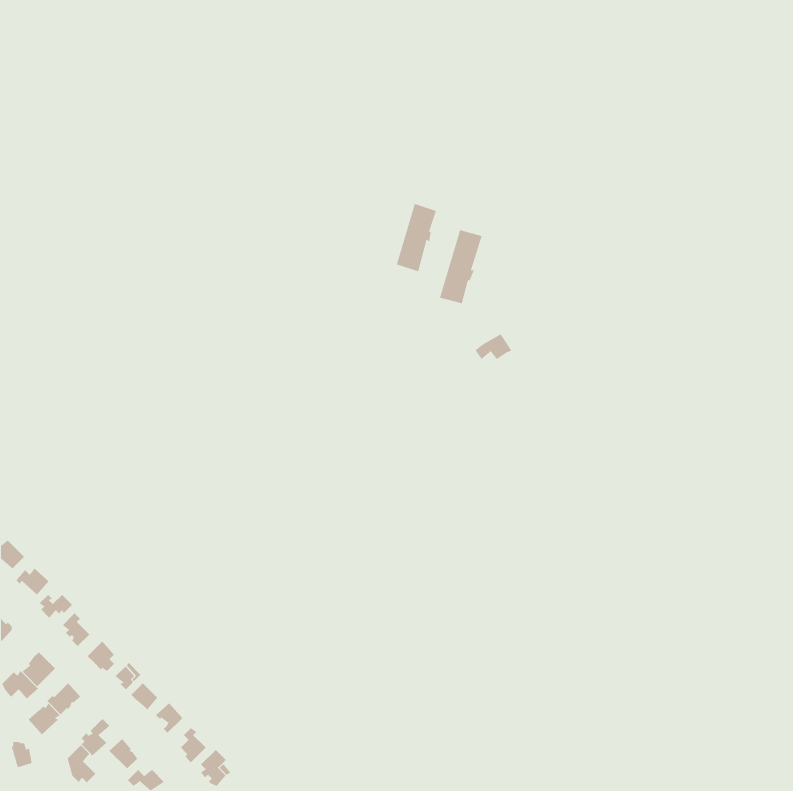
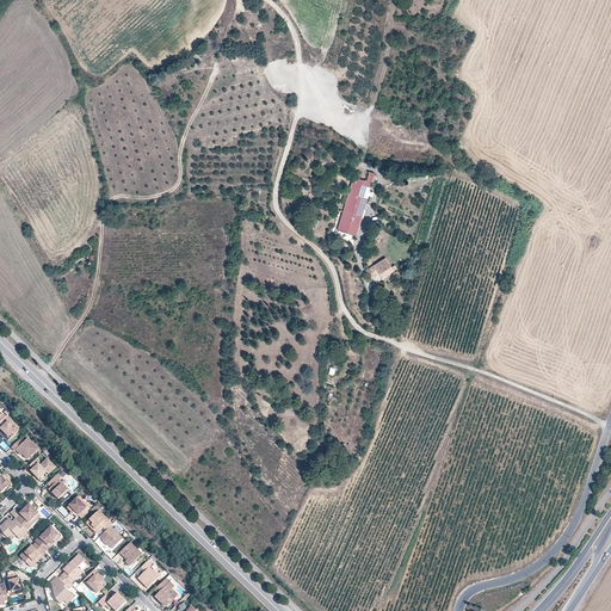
building: [396,203,437,272] -> none

